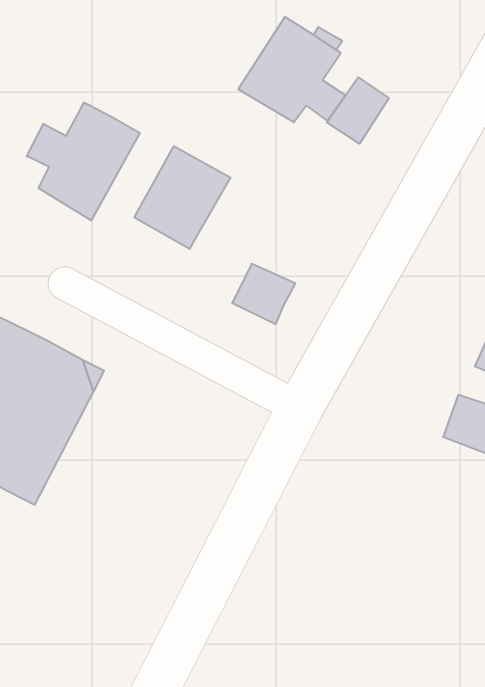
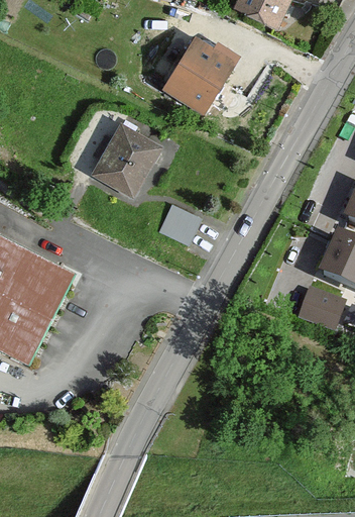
building: [327,77,389,144] -> none
building: [27,102,140,221] -> none

